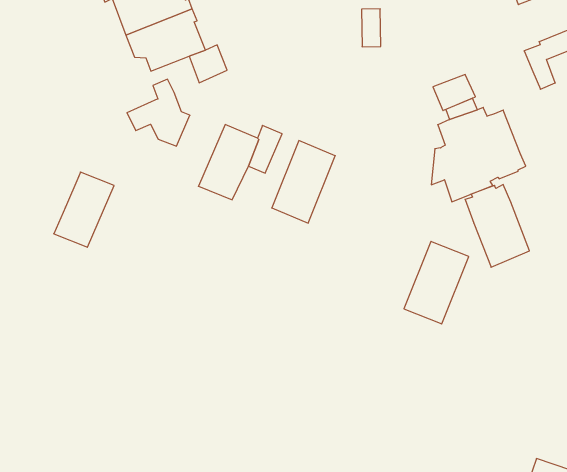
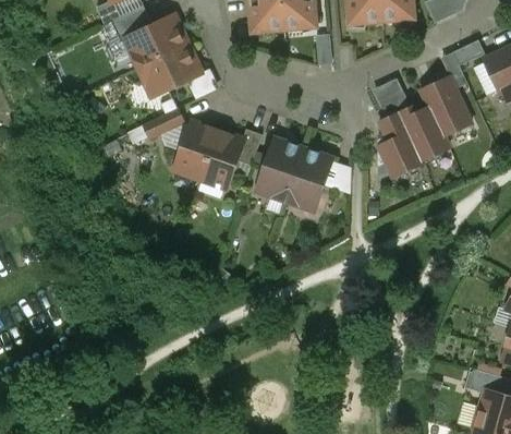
building: [54,172,114,247] -> [174,122,218,179]
building: [465,185,529,267] -> [421,76,472,140]
building: [404,241,469,324] -> [285,149,332,212]

